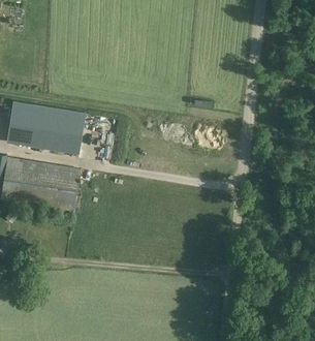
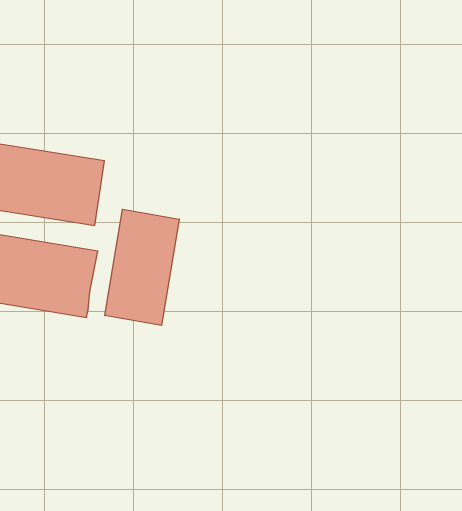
building: none -> [105,209,179,325]

